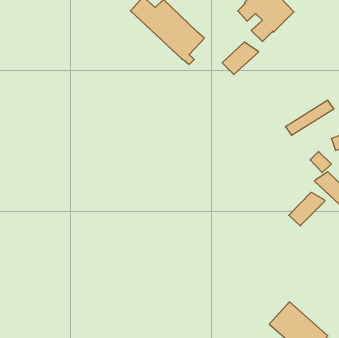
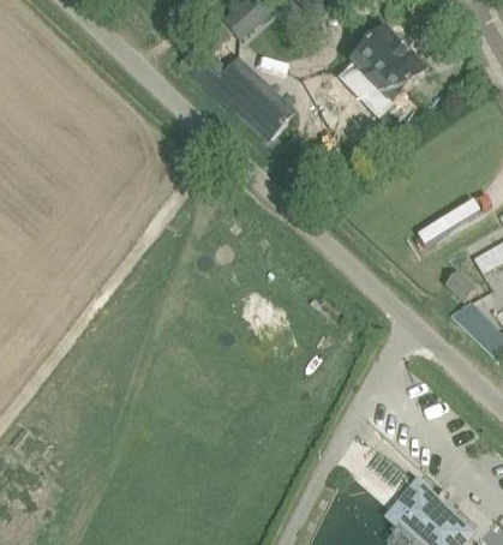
building: [222,42,259,75] -> none
building: [289,192,325,226] -> none

